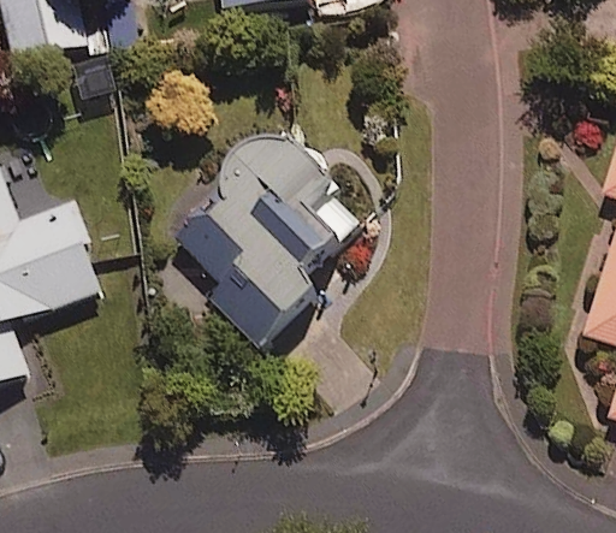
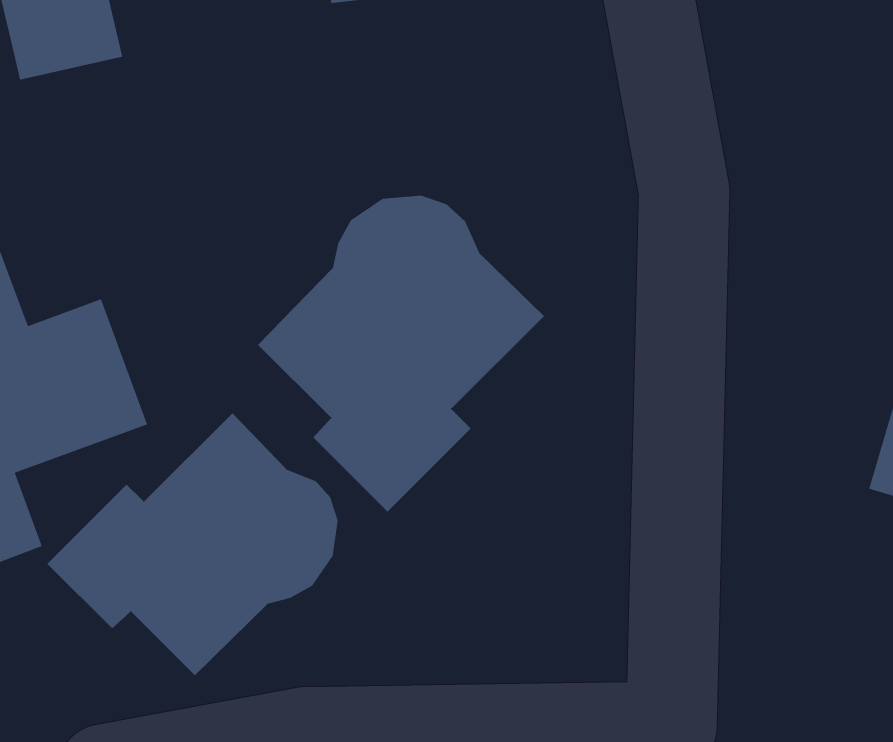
building: none -> [47,413,338,676]

